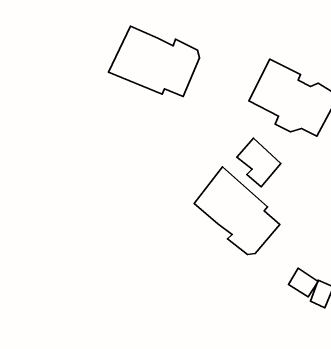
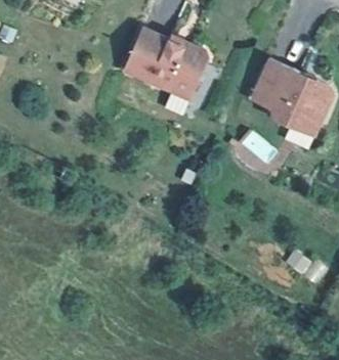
building: [194,167,280,255] -> none

